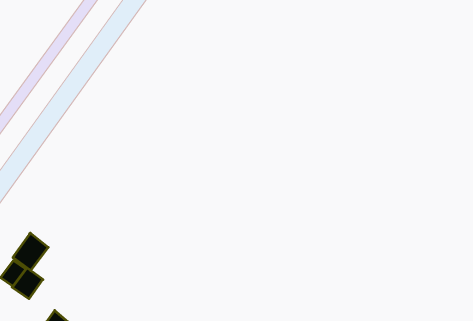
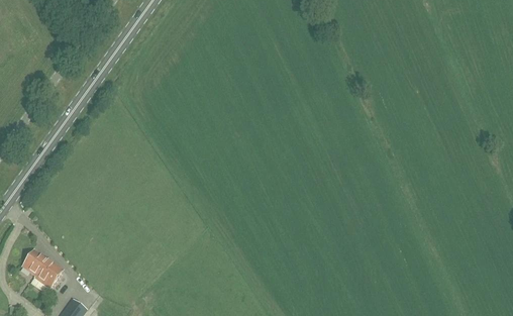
building: [13,233,48,271] -> none

